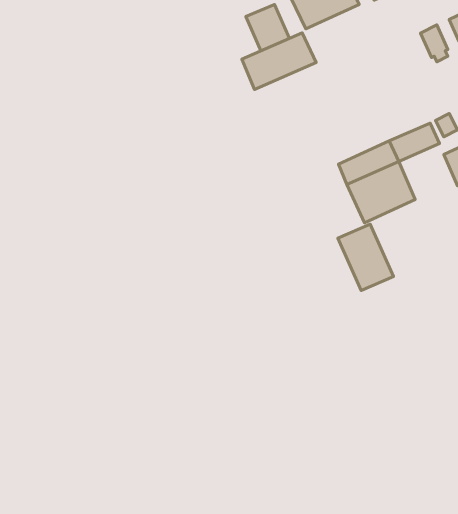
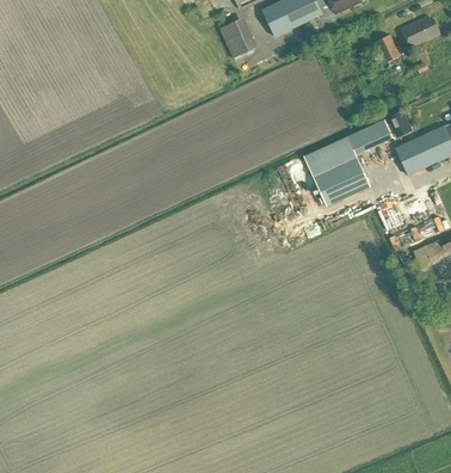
building: [242,33,316,89] -> none
building: [338,224,394,290] -> none

